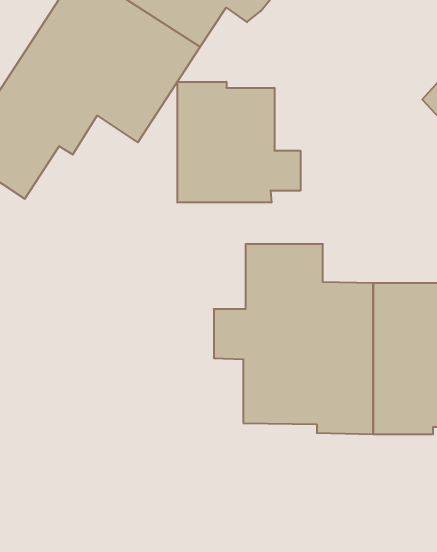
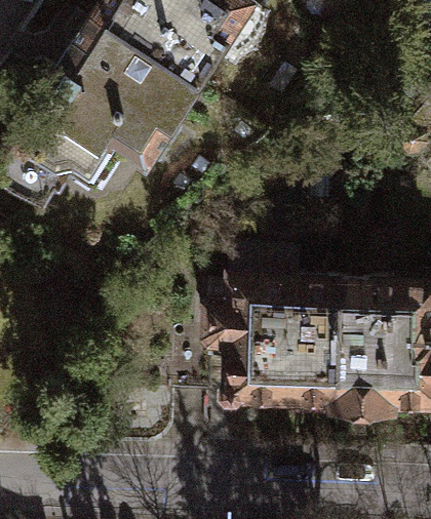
building: [177,82,300,203] -> none

